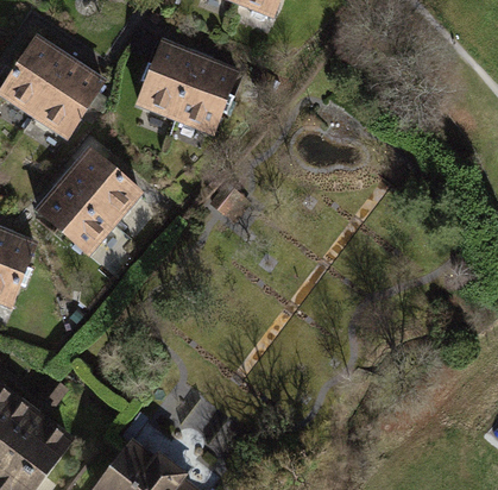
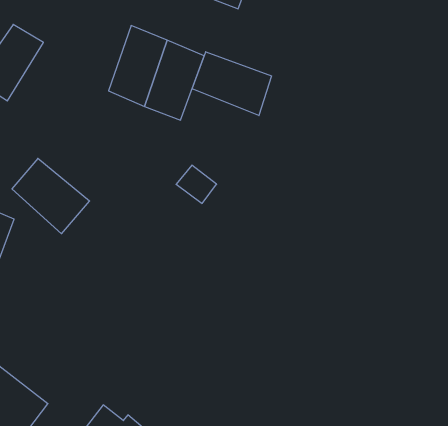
building: [30,55,105,139] -> none
building: none -> [192,52,271,116]
building: [62,146,143,222] -> none

